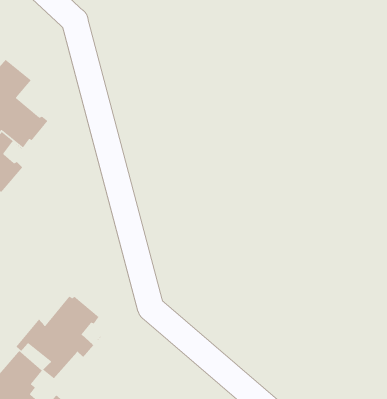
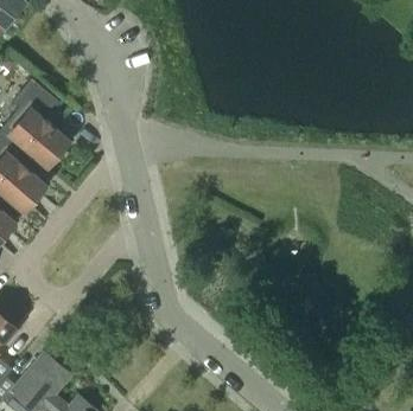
building: [15,296,102,379] -> none

